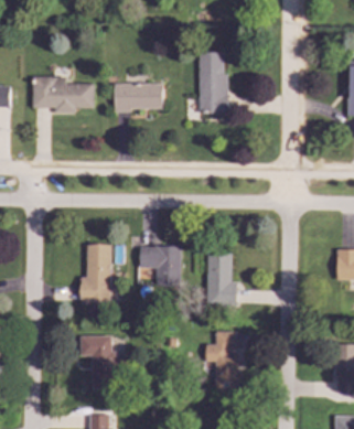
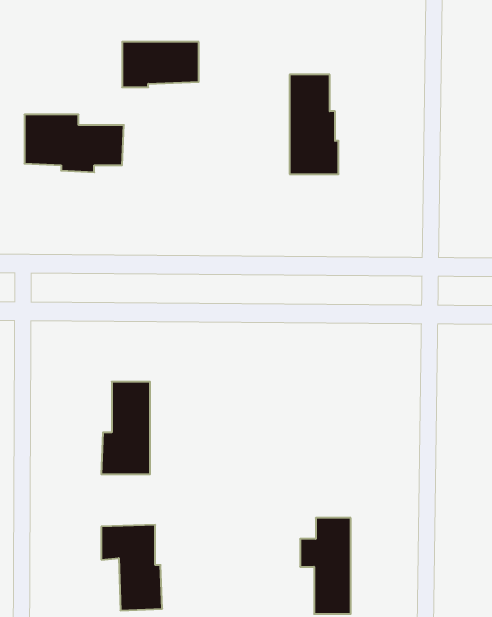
building: [115,83,163,111] -> [122,42,199,87]
building: [138,247,181,287] -> none
building: [207,251,237,305] -> none

